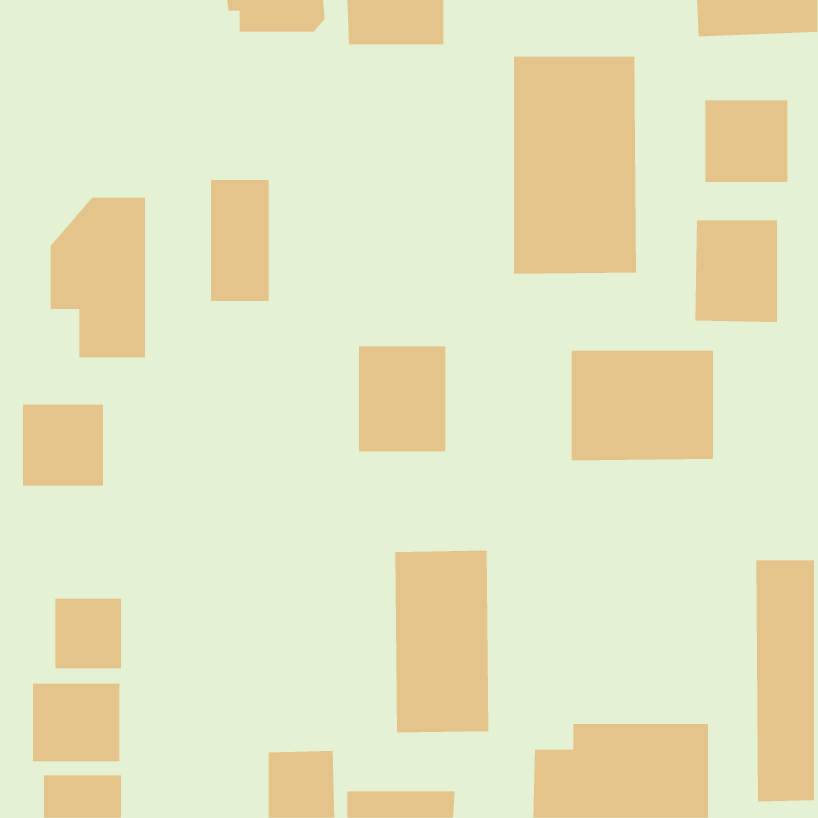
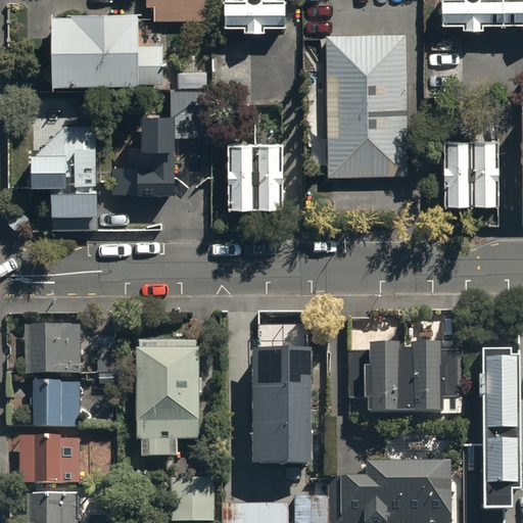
building: none -> [53,15,162,84]
building: [705,100,788,183] -> none
building: [358,346,446,452] -> [227,142,283,209]
building: [571,350,714,461] -> [370,345,461,416]
building: [22,404,104,486] -> [26,322,78,374]
building: none -> [136,339,199,457]

